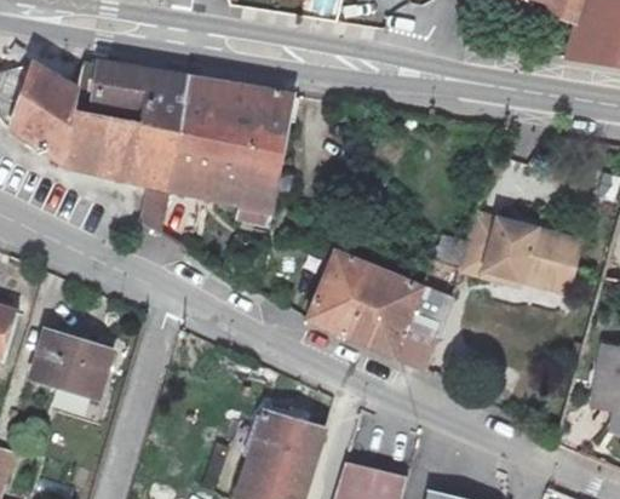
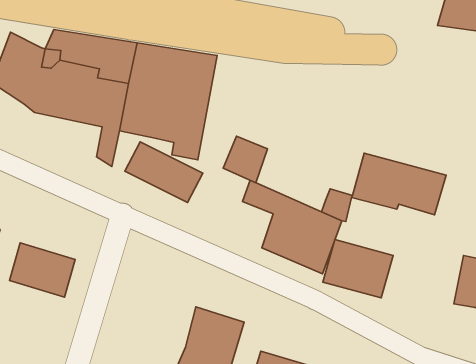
building: none -> [125,142,203,202]
building: [305,276,361,334] -> [223,136,268,183]
building: none -> [323,240,393,298]

